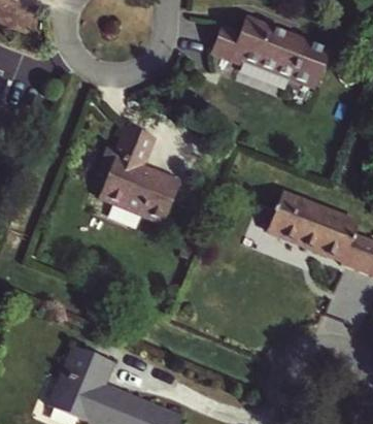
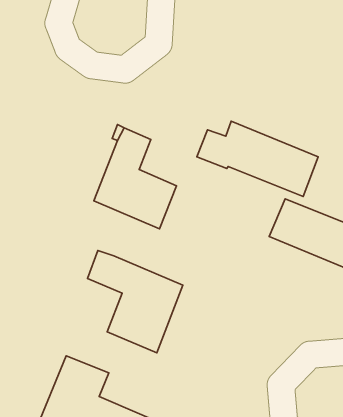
building: [213,18,330,90] -> [197,121,318,197]
building: none -> [87,250,183,353]

